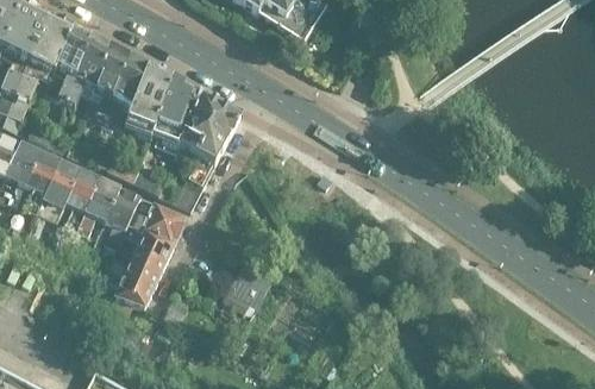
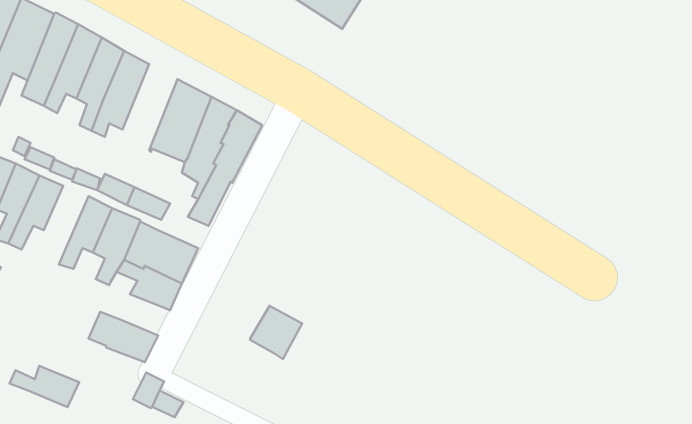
building: [123,68,170,137] -> none
building: [63,165,99,228] -> none
building: [108,252,164,286] -> [10,366,79,407]

